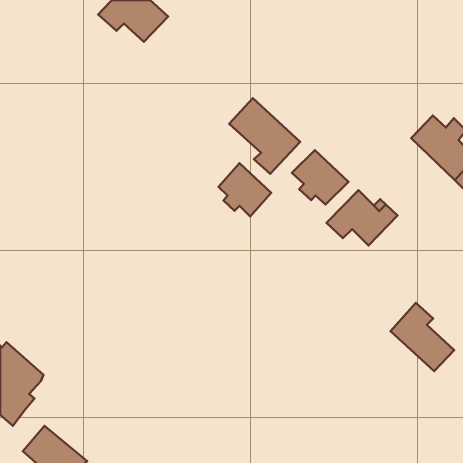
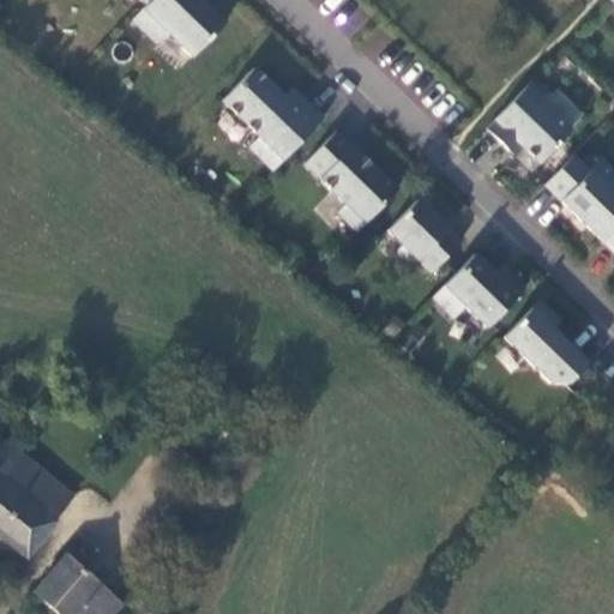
building: none -> [223,70,323,170]
building: none -> [486,78,571,163]
building: [218,163,271,216] -> none
building: [390,303,454,371] -> [505,300,589,390]

